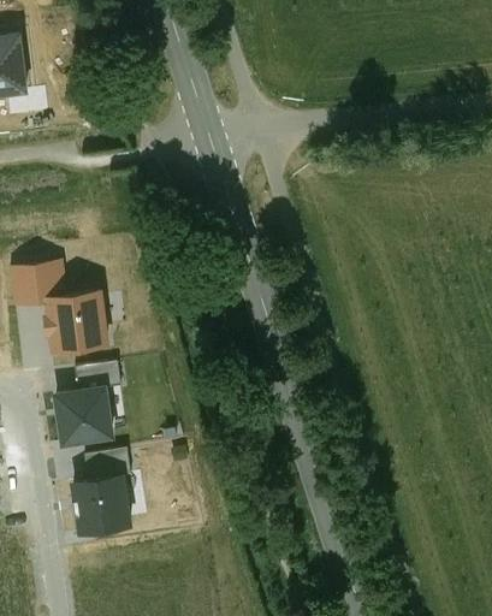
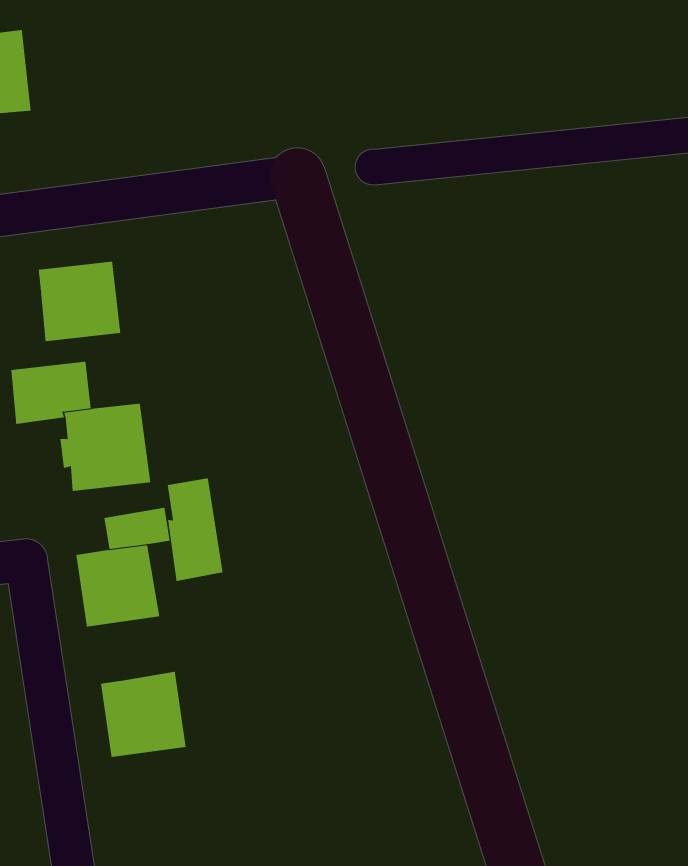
building: none -> [38,261,121,342]
building: none -> [167,478,223,582]
building: [84,450,130,481] -> none

